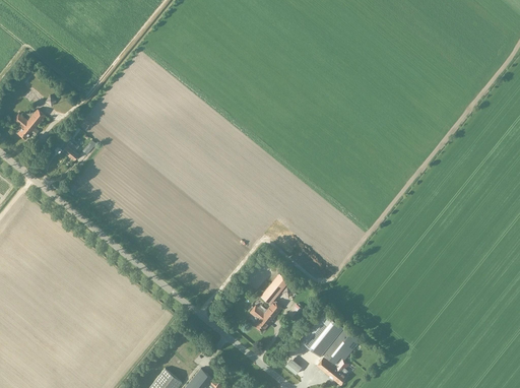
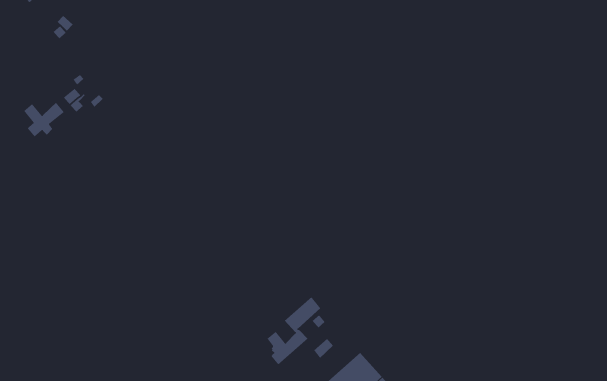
building: [12,110,45,140] -> [23,102,65,138]

